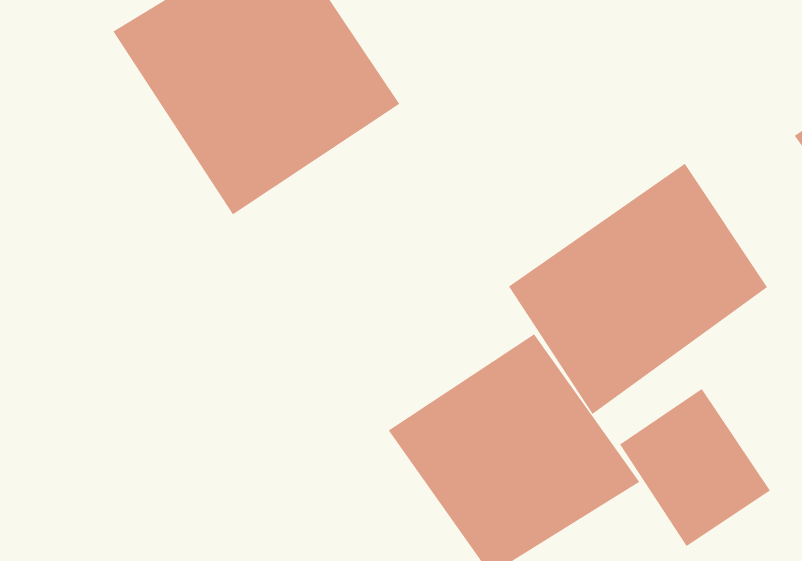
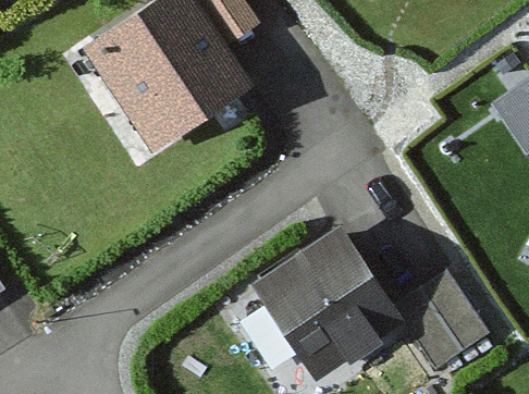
building: [508,163,768,415] -> none

